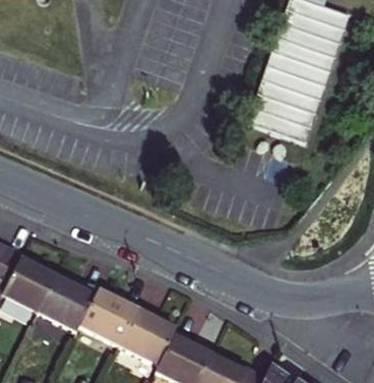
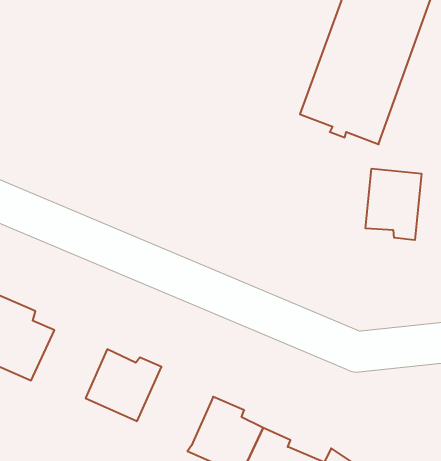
building: none -> [366,169,421,240]
building: [45,282,102,337] -> none
building: [124,310,181,369] -> none

